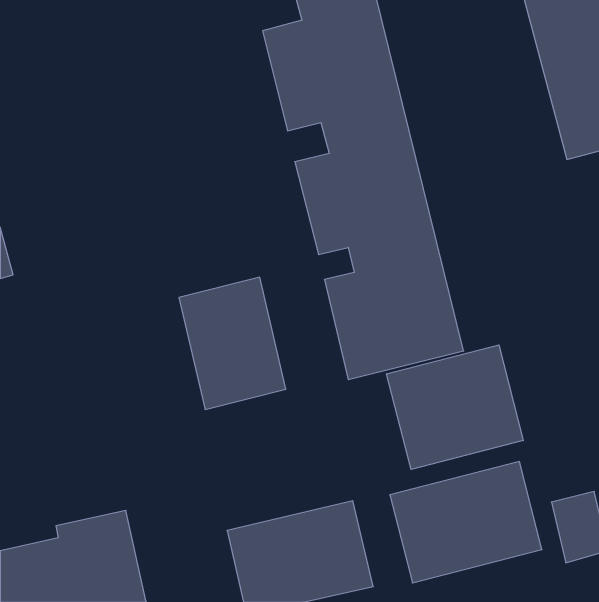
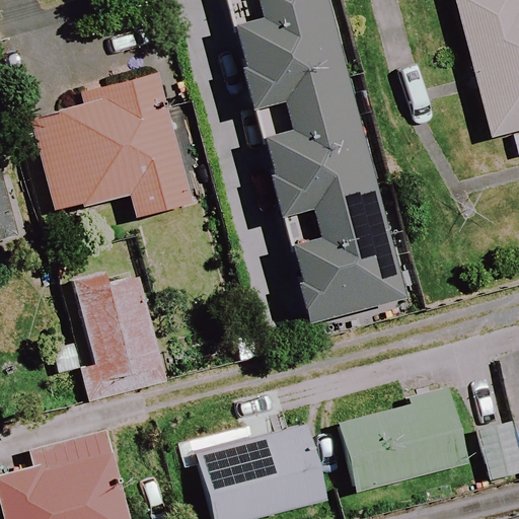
building: none -> [32,72,195,221]
building: [179,277,286,409] -> [74,274,165,386]
building: [387,345,523,469] -> none

